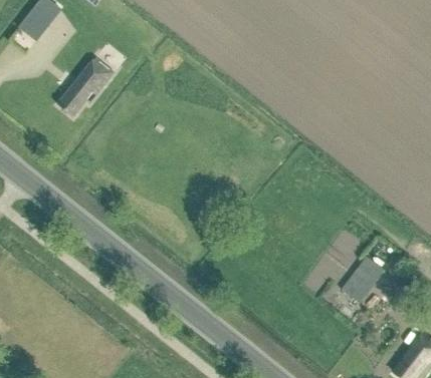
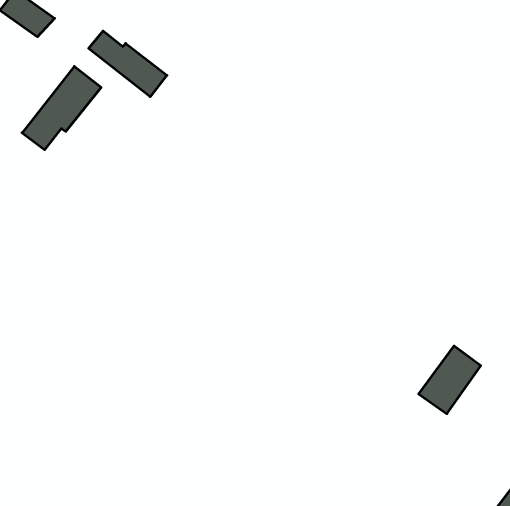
building: none -> [89,31,167,97]

